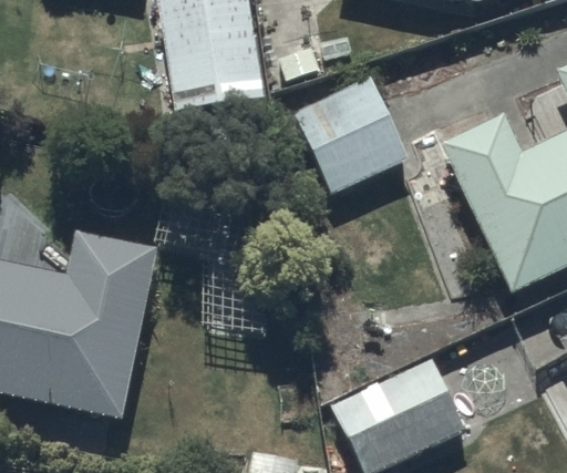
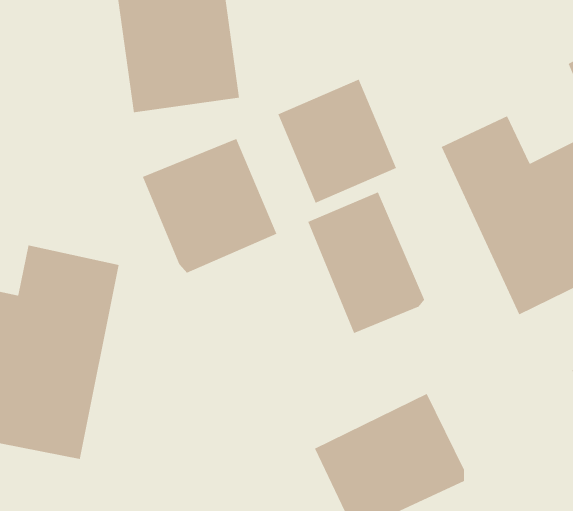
building: none -> [142,138,277,274]
building: none -> [307,192,425,334]

